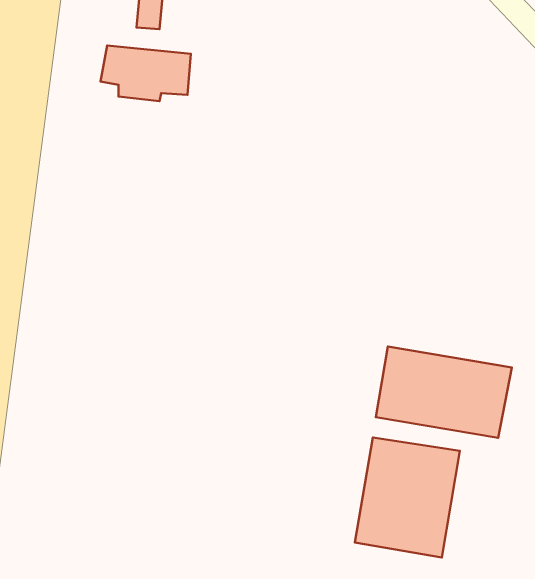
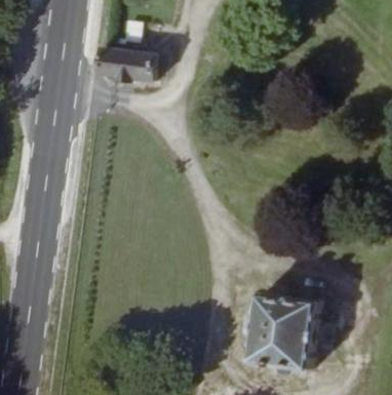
building: [376,347,512,438] -> none

